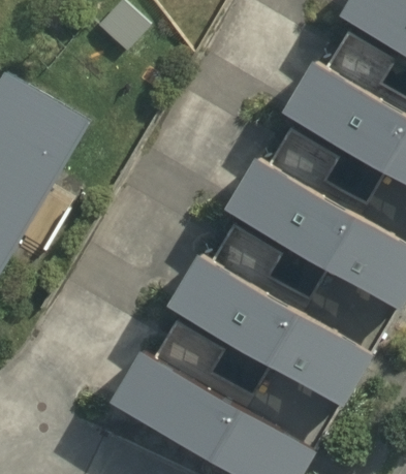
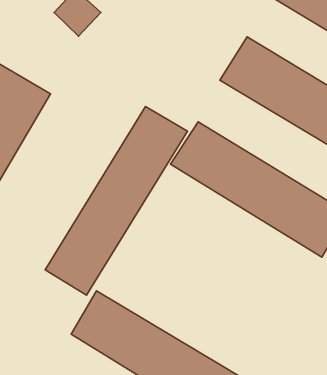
building: none -> [45,106,188,295]
building: [168,253,371,410] -> none

